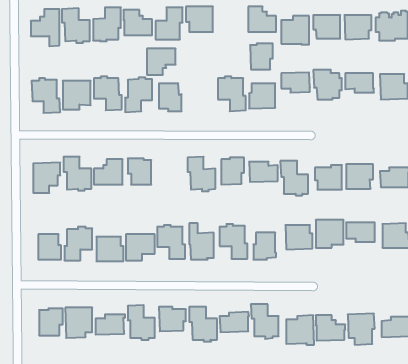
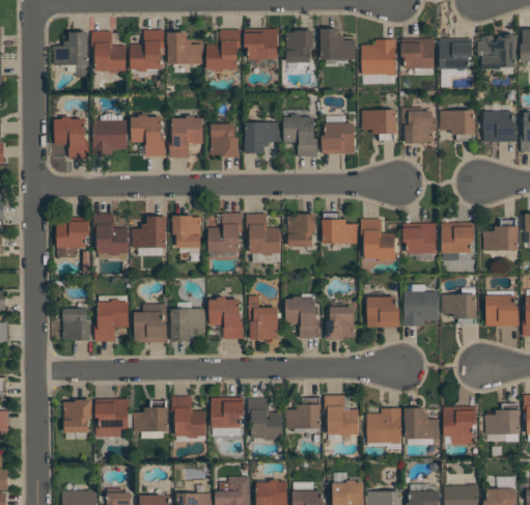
building: [250,43,273,69] -> [285,30,313,62]
building: [147,49,176,75] -> [245,121,280,153]
building: none -> [207,213,242,254]

